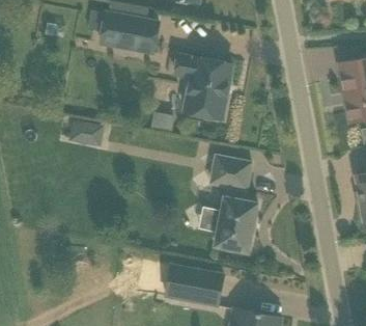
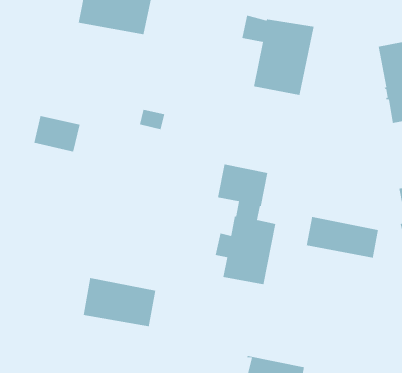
building: [174,54,232,118] -> [241,15,314,96]
building: none -> [306,216,378,258]
building: [165,265,223,304] -> [83,277,156,327]

